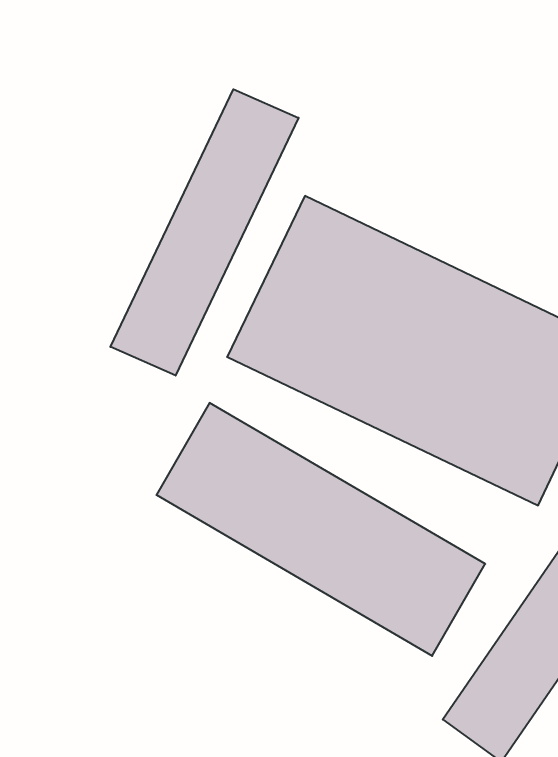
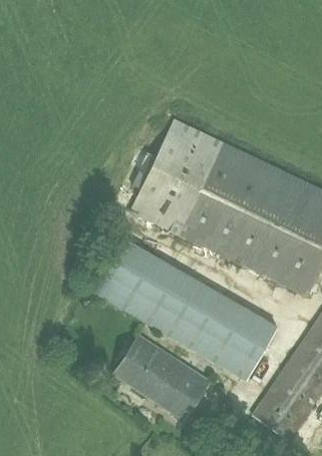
building: [110,89,299,376] -> none
building: none -> [112,335,209,420]

